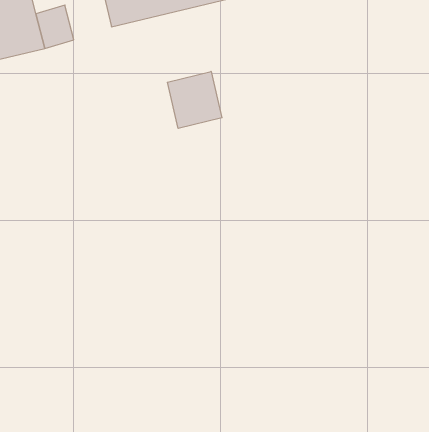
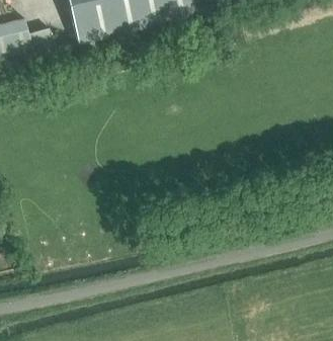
building: [167,71,222,128] -> none

